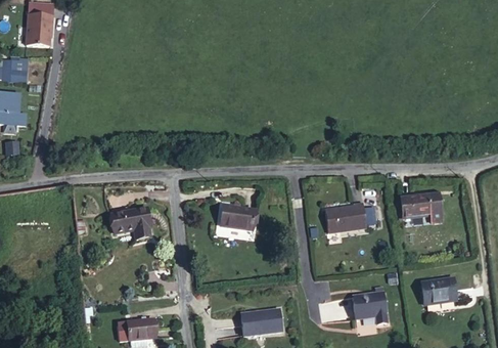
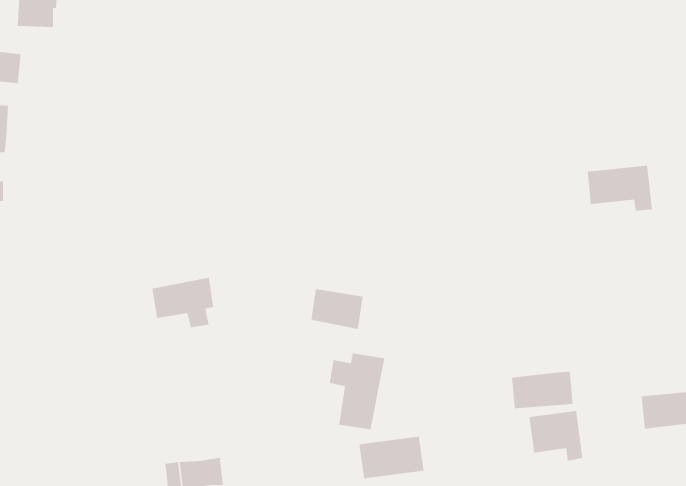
building: [403,190,445,220] -> [587,165,653,211]
building: [327,203,367,227] -> [511,371,574,409]
building: none -> [329,353,385,430]

